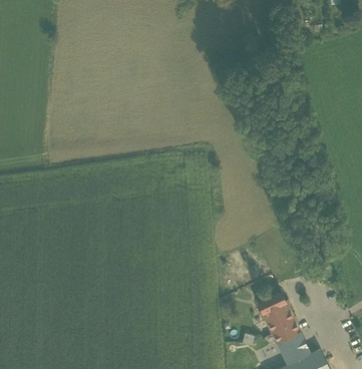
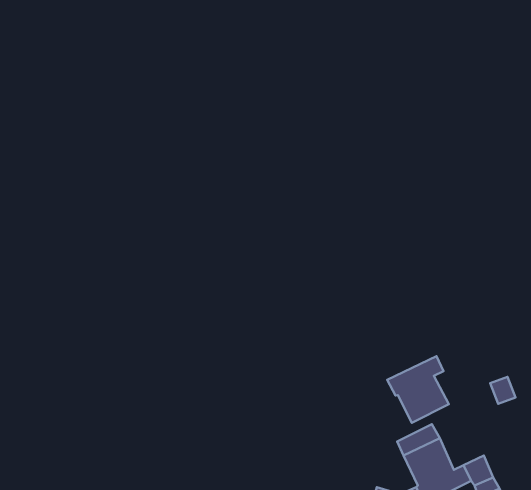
building: none -> [387,356,449,423]

